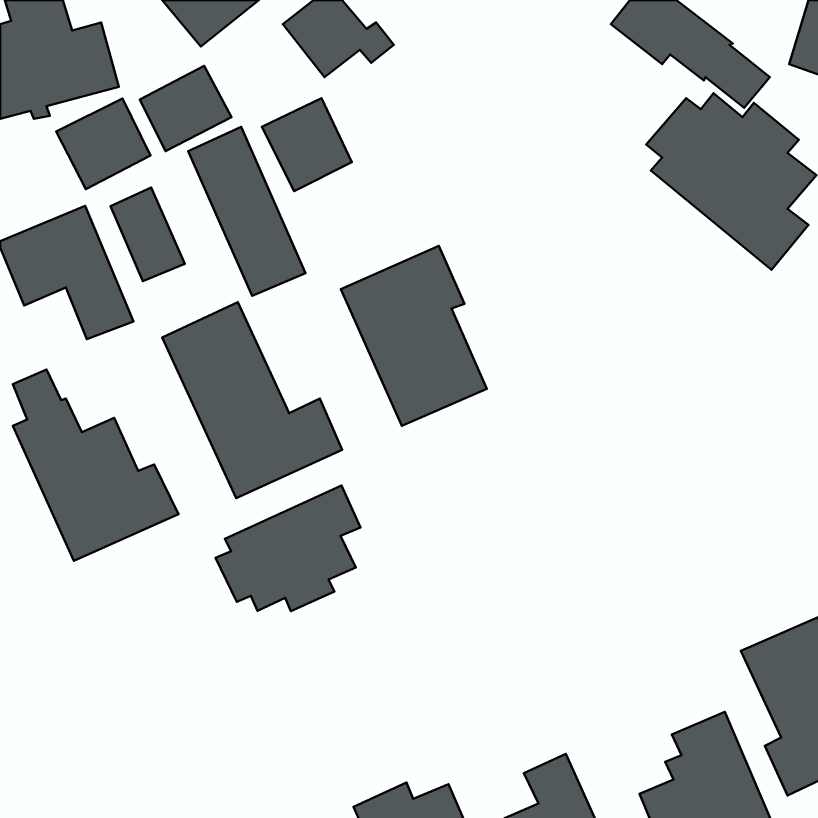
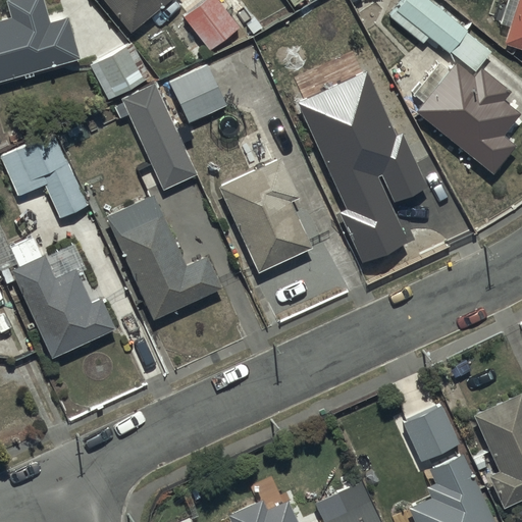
building: [56,98,151,189] -> none
building: none -> [301,72,431,265]
building: [110,187,185,281] -> none
building: [216,485,361,611] -> none
building: none -> [402,405,459,461]

